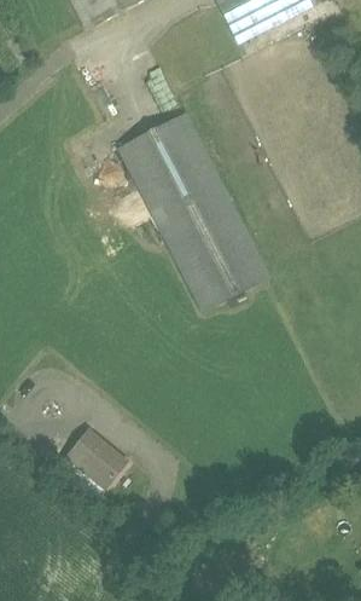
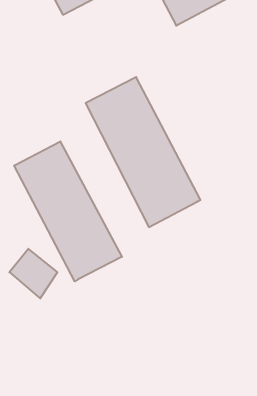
building: none -> [14,141,122,281]
building: [63,430,127,497] -> [9,249,57,298]

